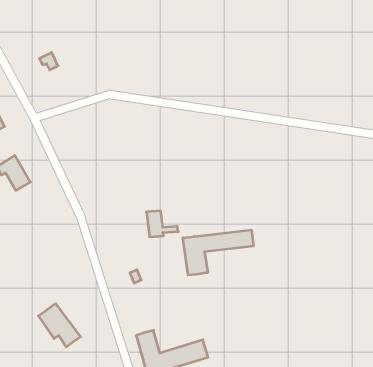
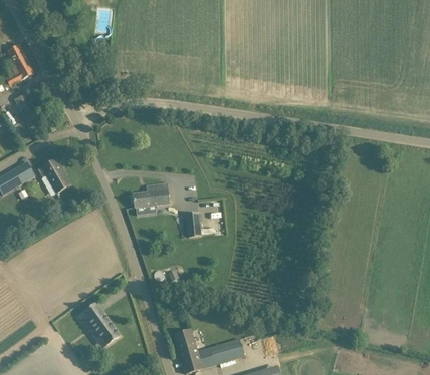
building: none -> [132,182,169,208]
building: [183,230,253,275] -> none

